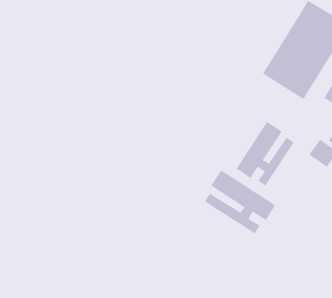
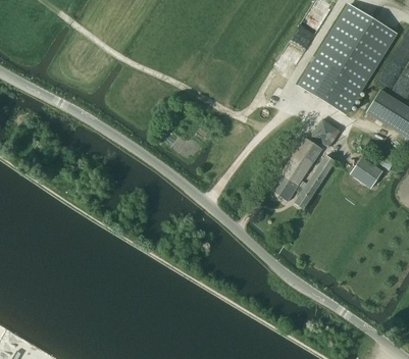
building: none -> [312,119,340,146]
building: [204,169,276,234] -> none

